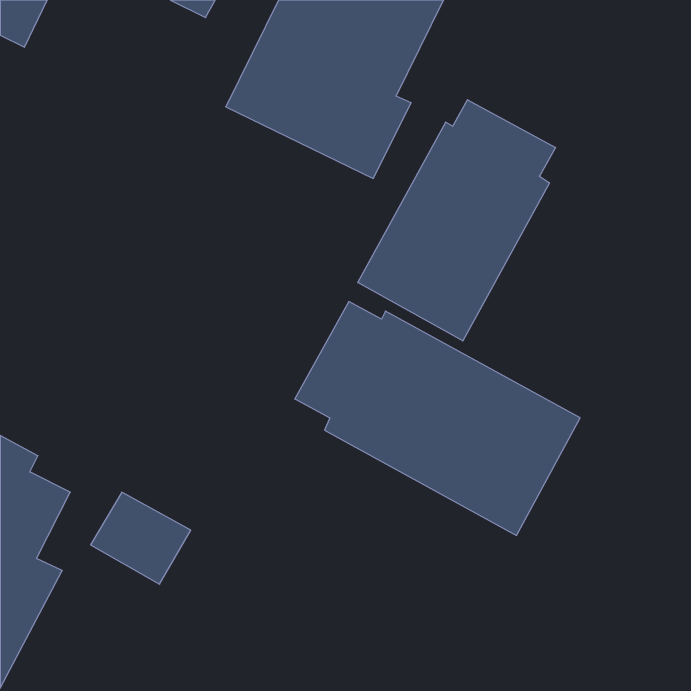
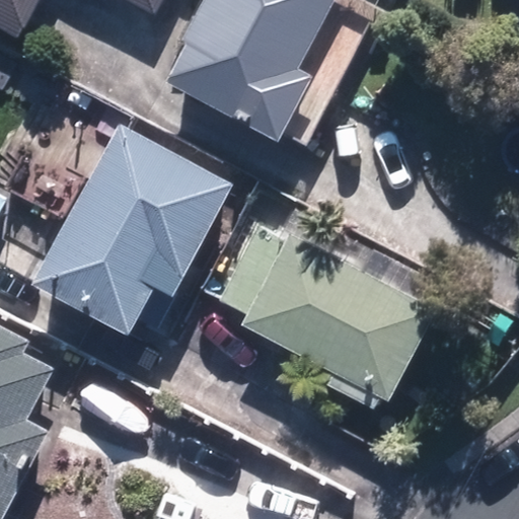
building: [358,100,556,341] -> none
building: none -> [33,126,228,335]

